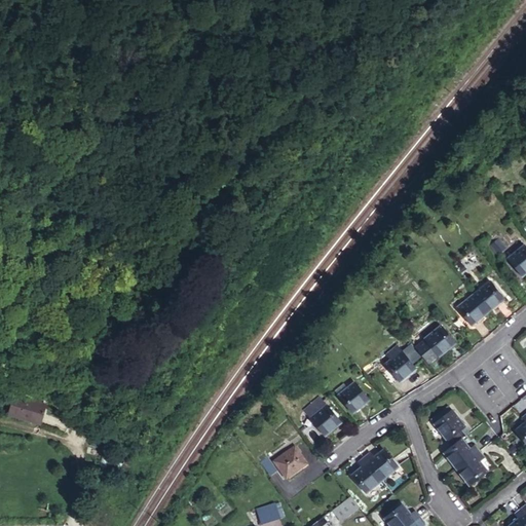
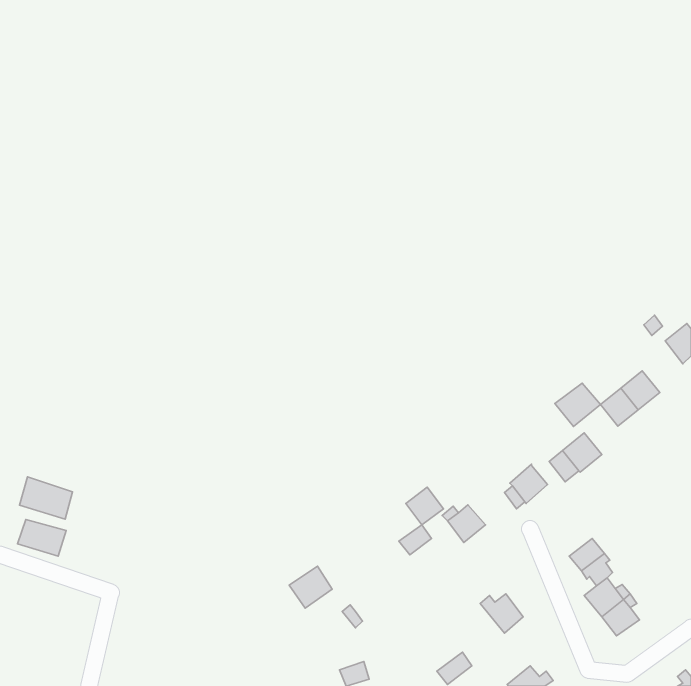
building: none -> [555,383,600,426]
building: none -> [19,477,73,519]
building: [311,409,340,438] -> [406,487,444,525]
building: [273,447,306,479] -> [289,566,332,608]
building: [353,458,383,493] -> none

